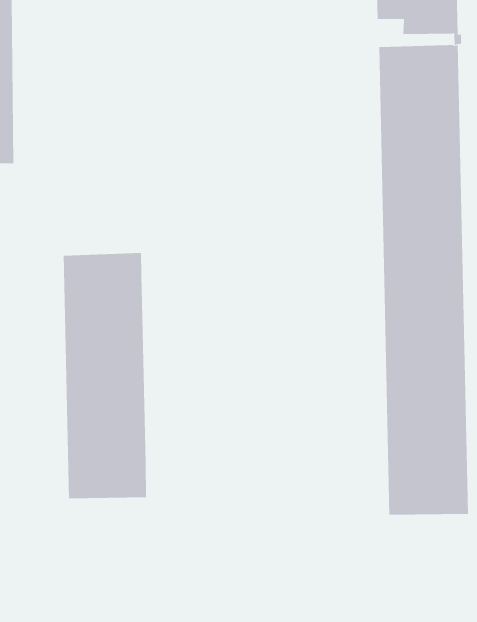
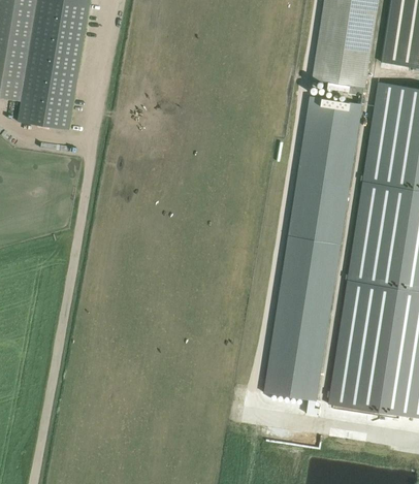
building: [63,252,147,499] -> none

